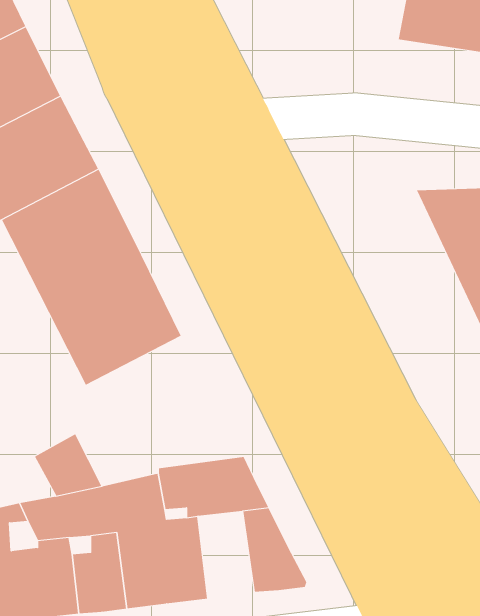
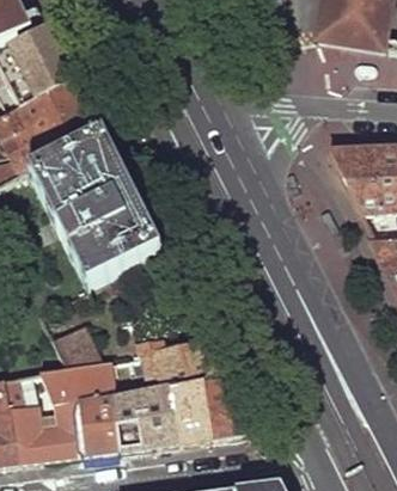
building: none -> [170,382,210,446]

